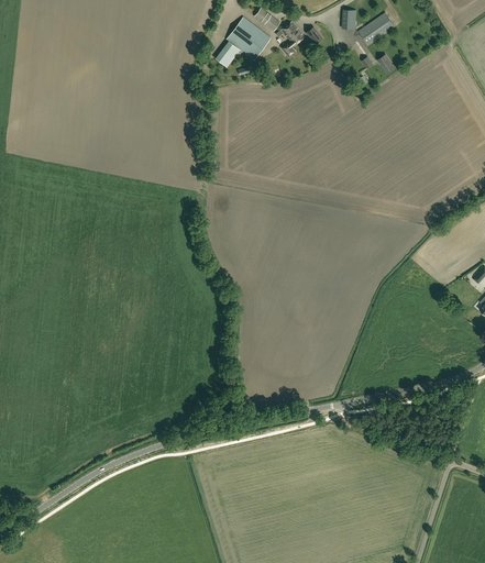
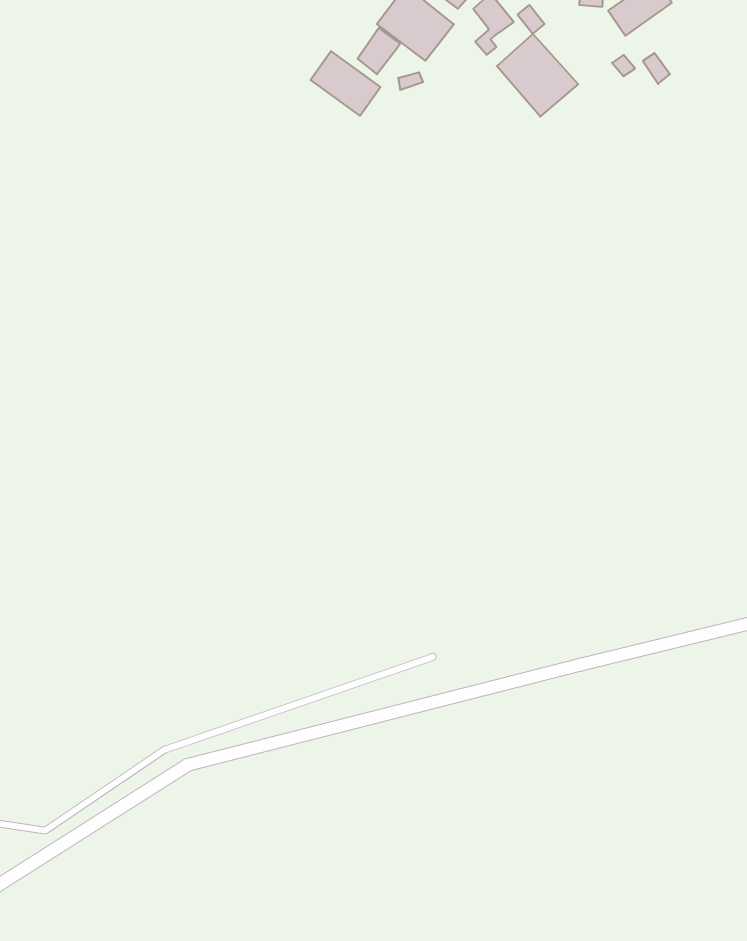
building: none -> [497,34,578,117]
building: none -> [311,51,380,116]

